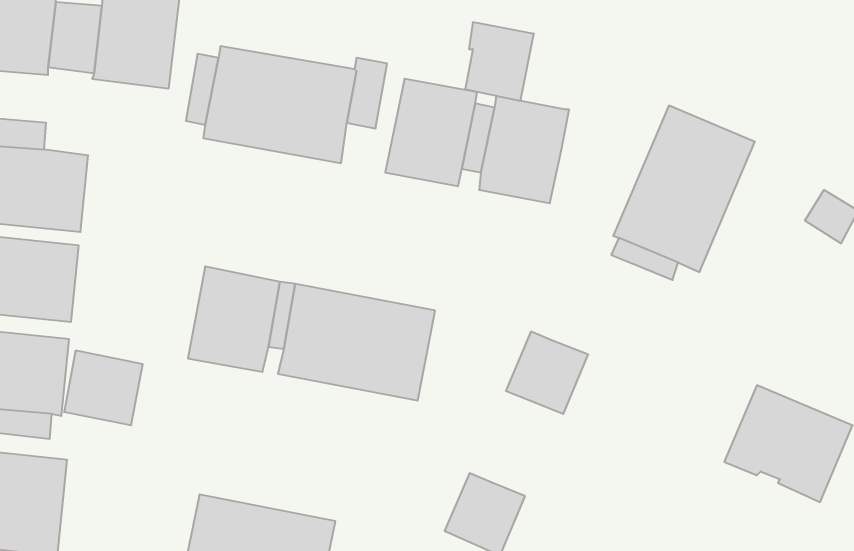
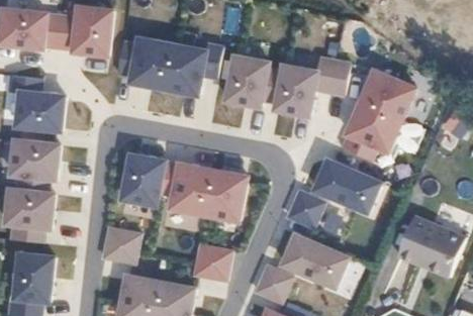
building: [465,22,534,101] -> [314,56,351,97]
building: none -> [310,157,382,215]
building: [64,351,143,425] -> [101,226,143,266]
building: none -> [278,231,350,290]
building: none -> [193,243,233,283]

